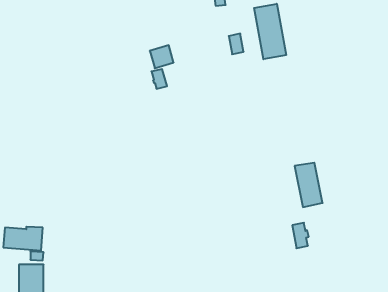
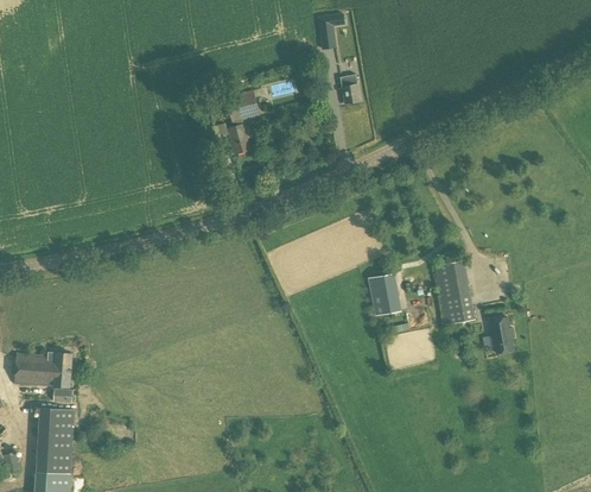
building: [254,4,286,59] -> none
building: none -> [367,273,400,315]
building: [292,223,309,248] -> [489,316,513,353]

